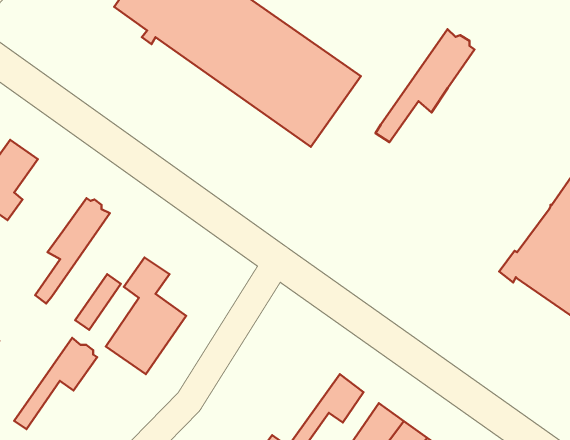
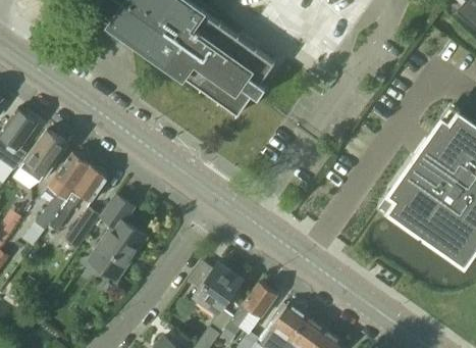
building: [375,29,475,142] -> none
building: none -> [18,132,65,183]
building: [14,338,97,429] -> [47,164,108,232]
building: none -> [194,263,243,314]

